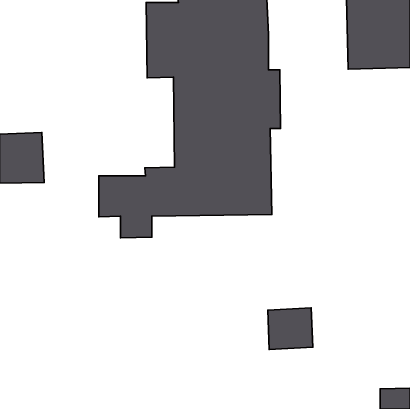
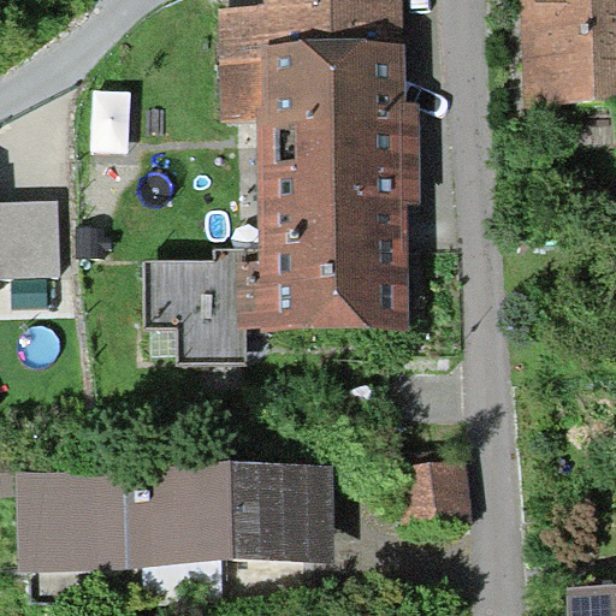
building: none -> [20,469,333,573]

